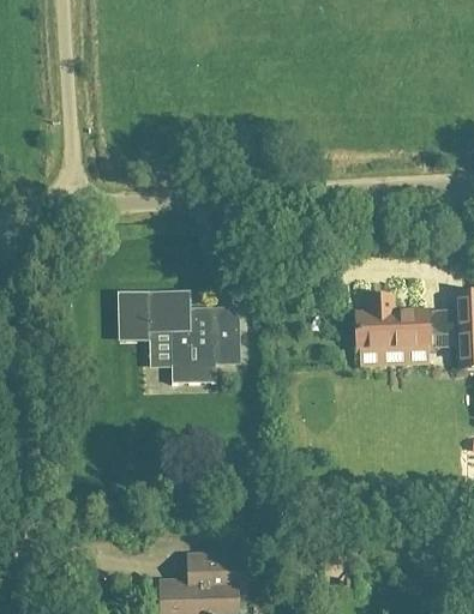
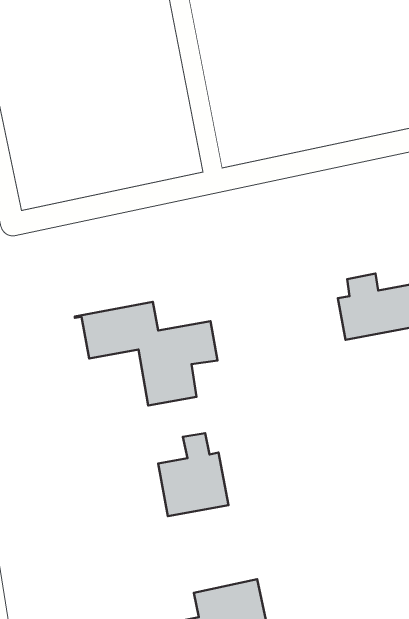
building: none -> [158,433,228,516]

